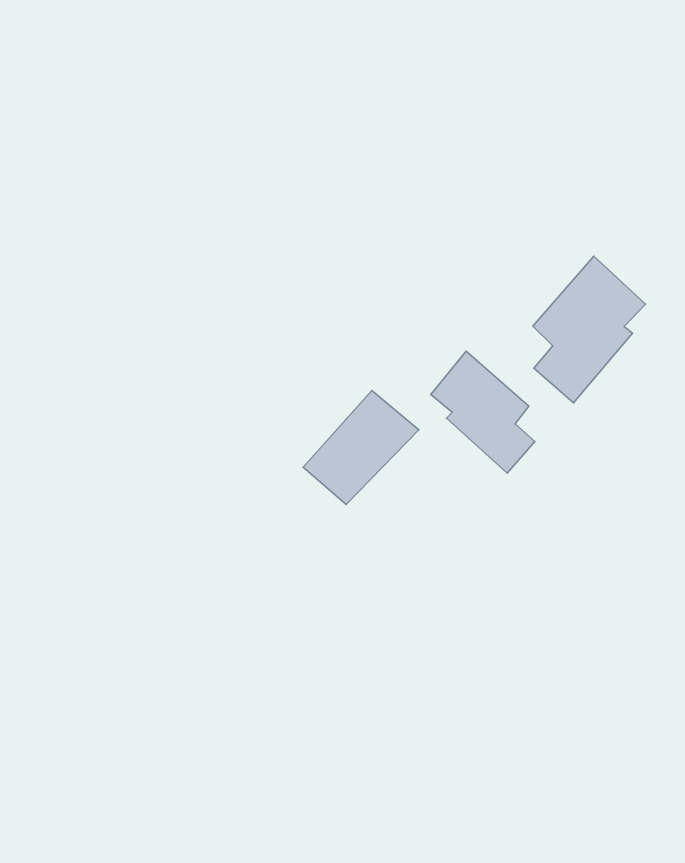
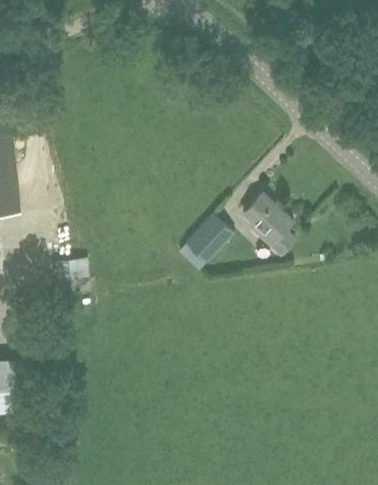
building: [533,256,645,403] -> none

